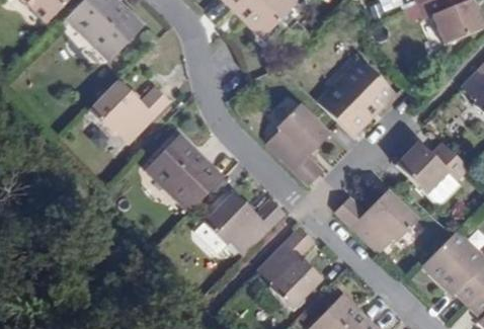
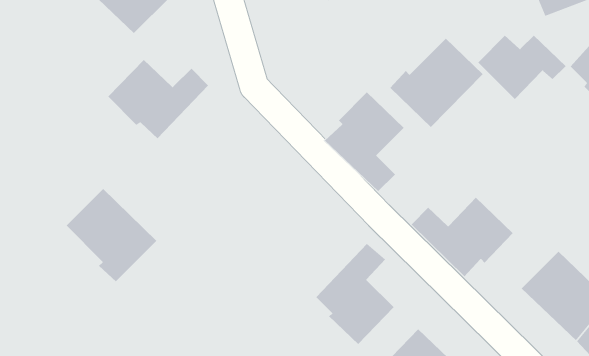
building: [148,136,222,212] -> [66,188,157,282]
building: [397,143,469,195] -> [477,35,566,100]
building: [204,191,286,256] -> none

